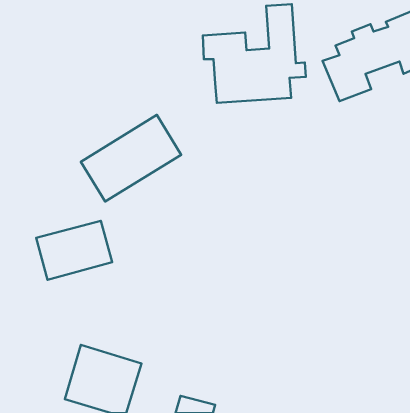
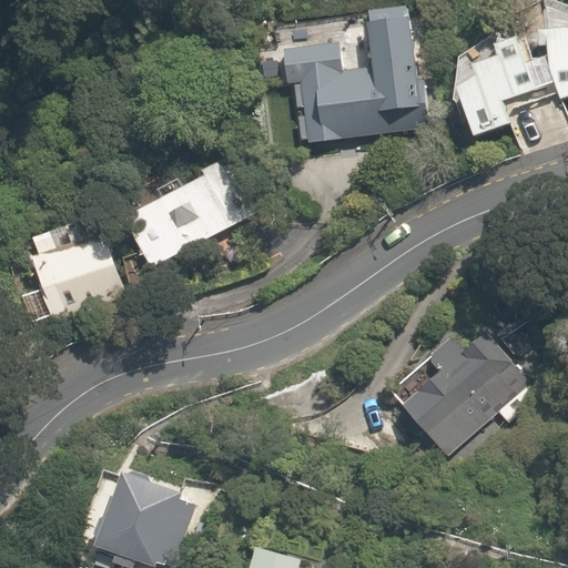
building: [36,221,112,280] -> [18,236,122,317]
building: none -> [373,327,532,456]

